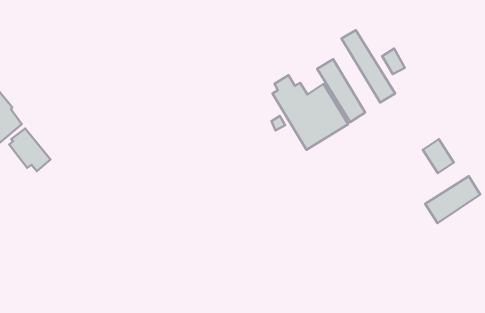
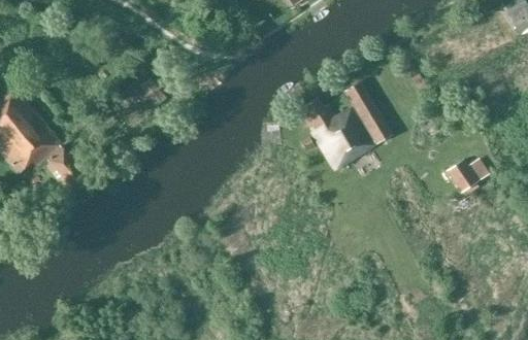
building: [341,30,395,103] -> none
building: [425,176,480,223] -> none

